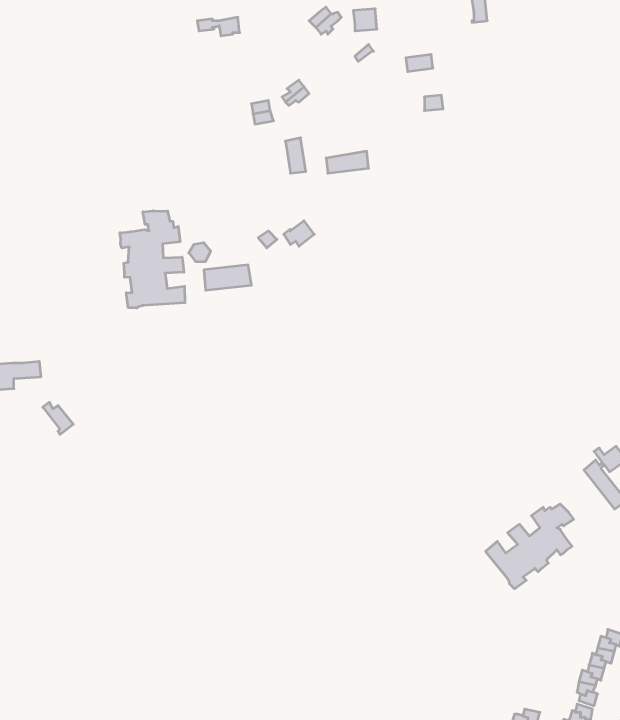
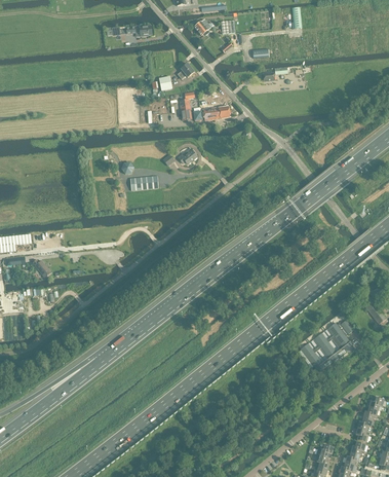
building: [120,211,185,308] -> none

